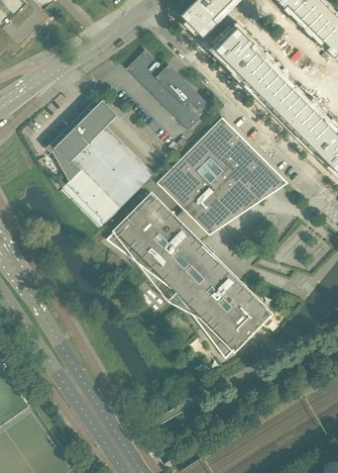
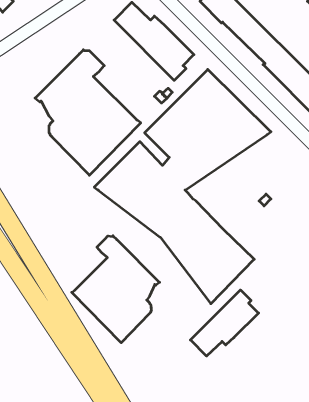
building: none -> [72,236,160,343]
building: none -> [190,290,259,356]

